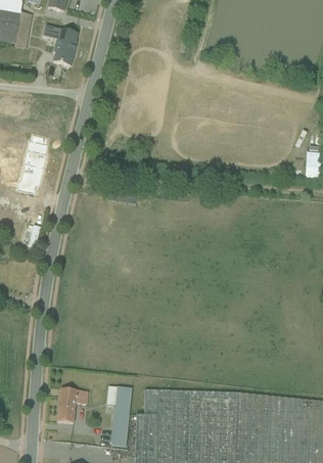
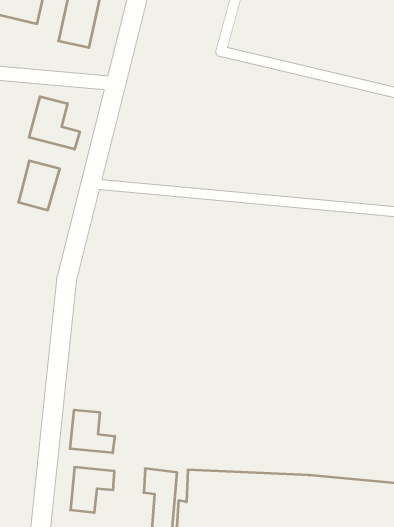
building: none -> [29,97,80,149]
building: none -> [70,410,115,453]

